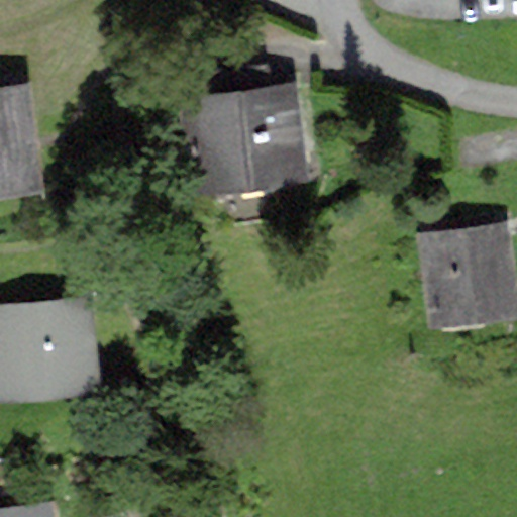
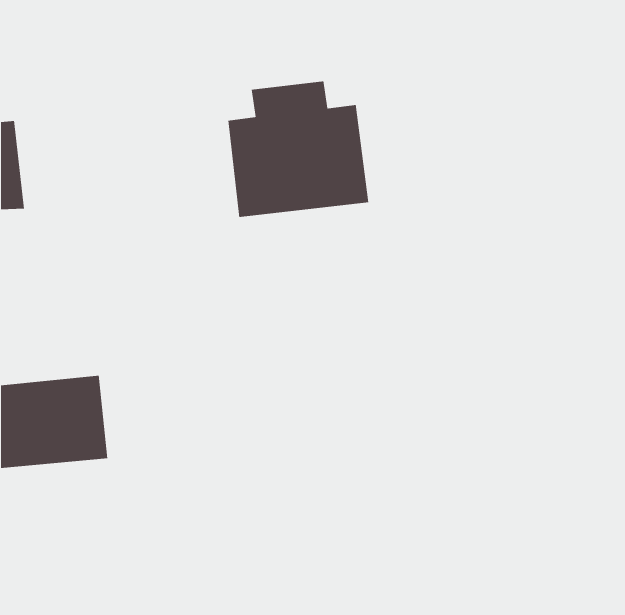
building: [435,242,511,318] -> none

